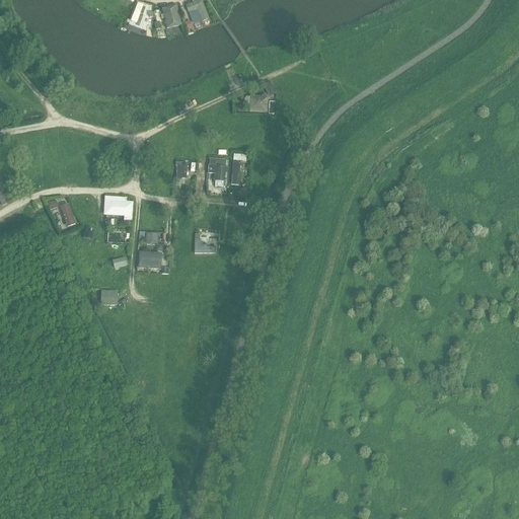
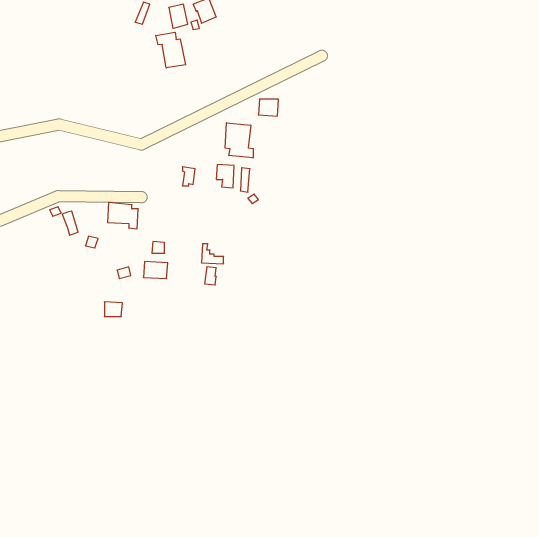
building: none -> [156,32,186,68]
building: none -> [225,123,253,158]

